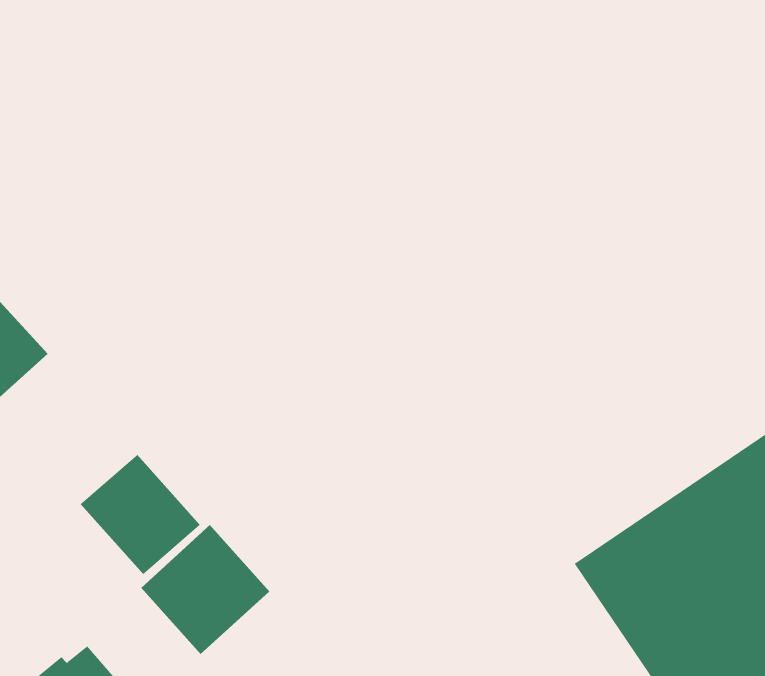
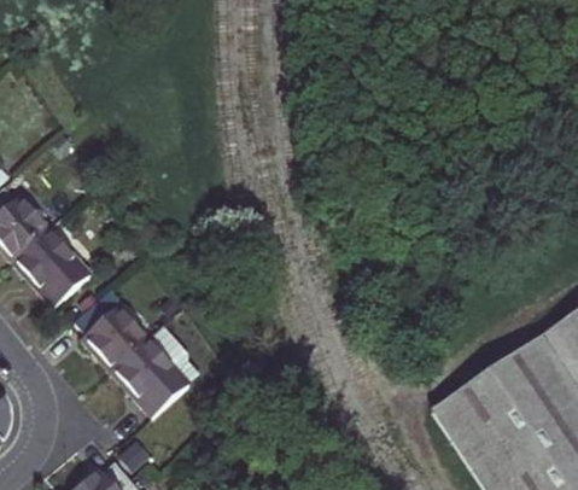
building: none -> [75,290,147,369]
building: [140,524,270,655] -> none

